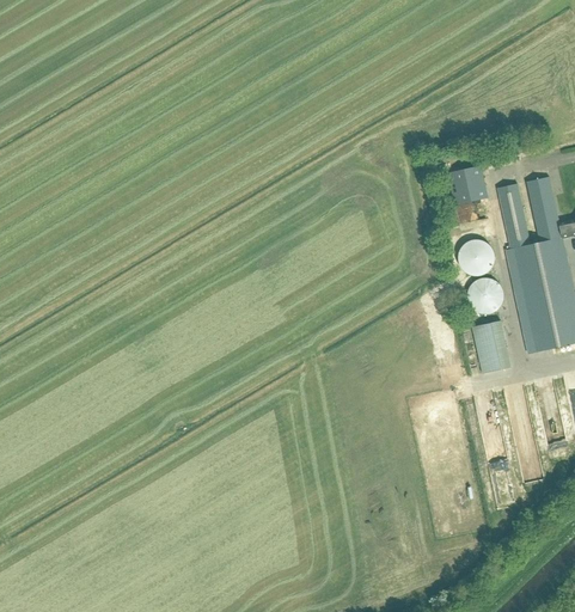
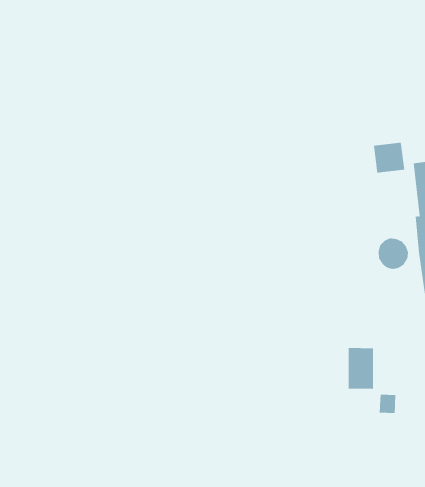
building: [458,239,495,275] -> none
building: [471,324,506,374] -> [348,347,374,389]

